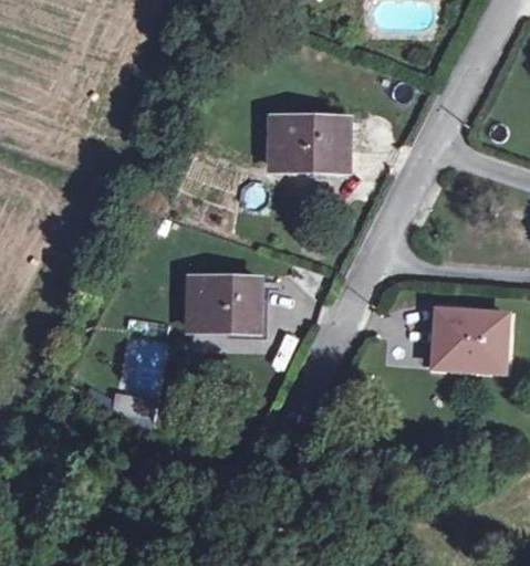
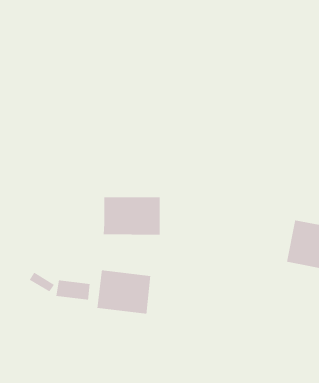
building: [272,118,341,167] -> none
building: none -> [97,270,151,315]

